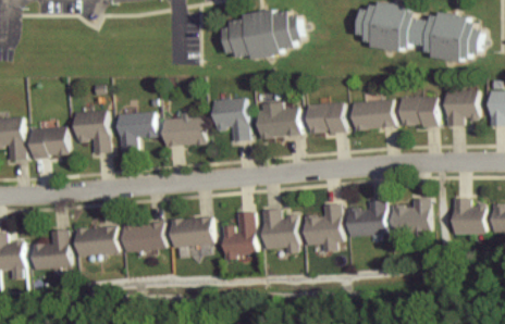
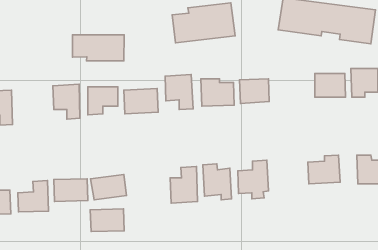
building: none -> [72,35,124,61]
building: [352,100,394,129] -> none
building: [29,126,67,158] -> none
building: [346,200,386,237] -> none
building: [170,217,212,246] -> [90,209,124,232]

